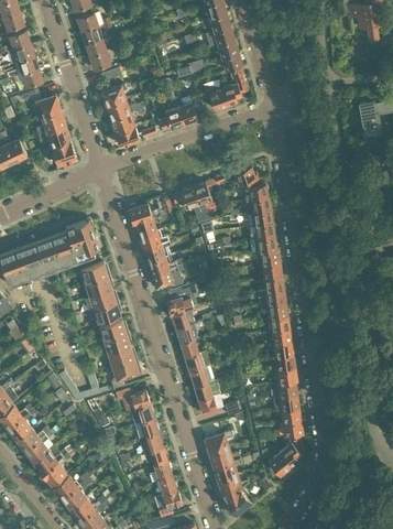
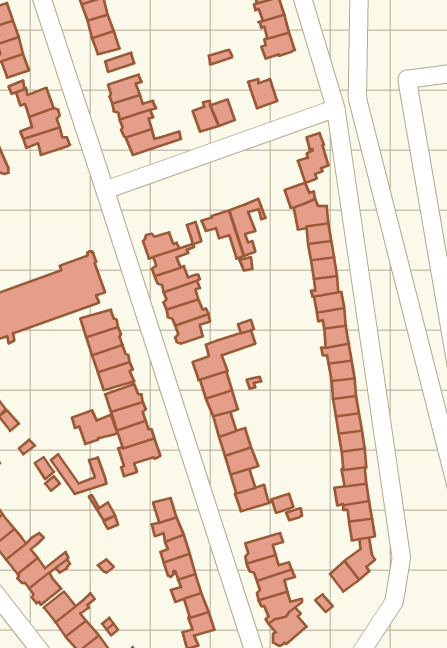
building: [223,67,247,105] -> [298,133,328,183]
building: [51,139,76,170] -> none
building: [116,387,150,412] -> [72,410,117,444]

